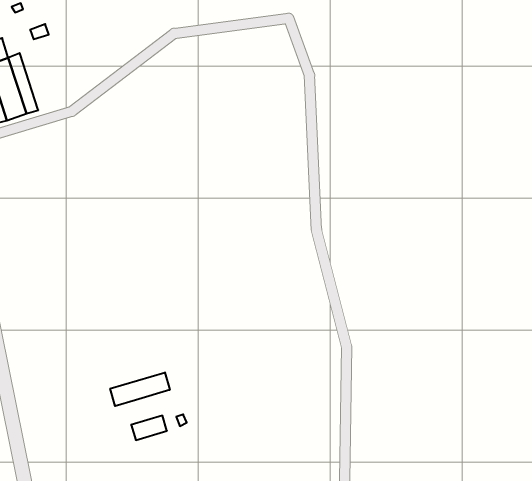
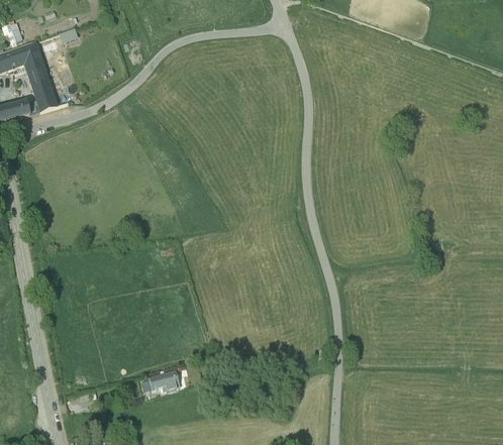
building: [110,372,170,406] -> none

